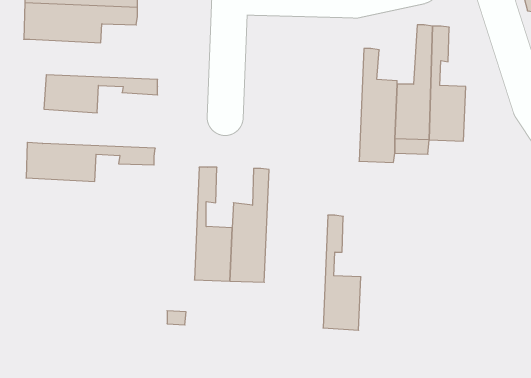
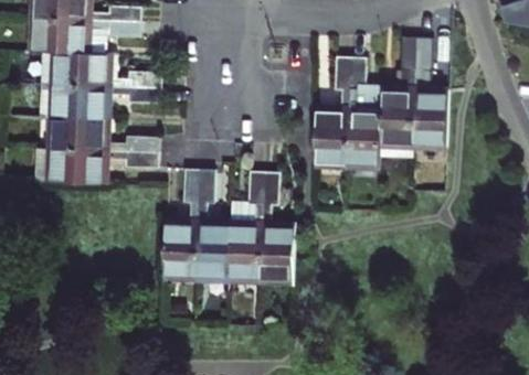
building: none -> [39,50,161,87]
building: none -> [315,57,352,163]
building: none -> [53,115,158,151]
building: none -> [162,168,199,274]
building: [323,215,361,330] -> [260,171,295,278]

